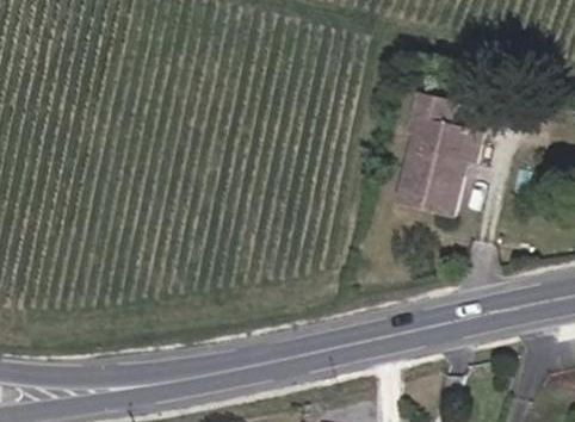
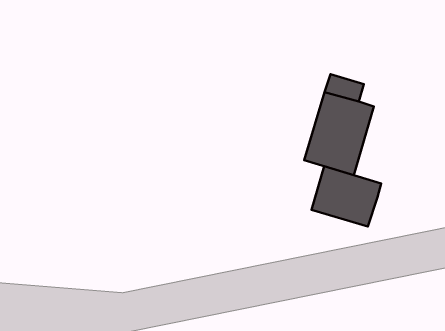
building: none -> [312,166,381,226]

